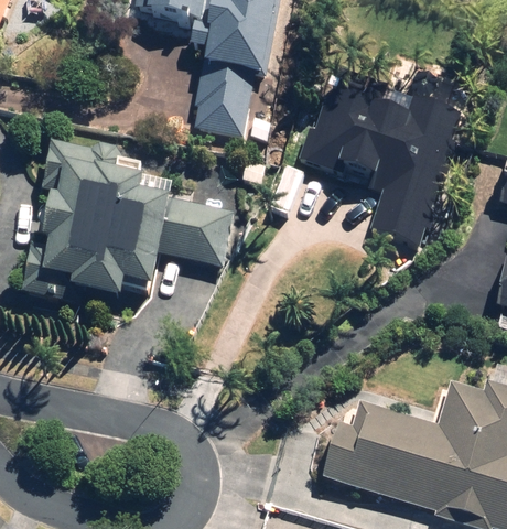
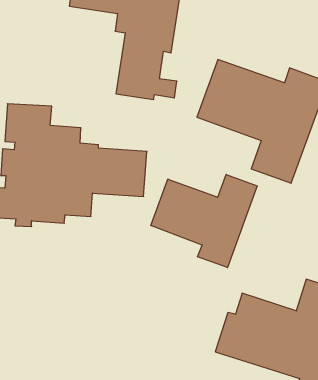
building: none -> [151,174,257,268]

